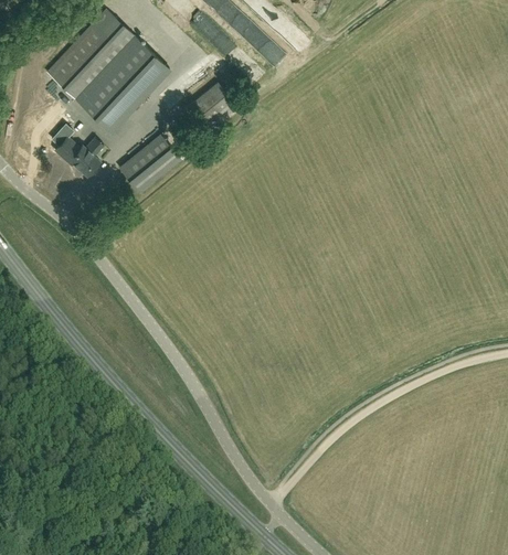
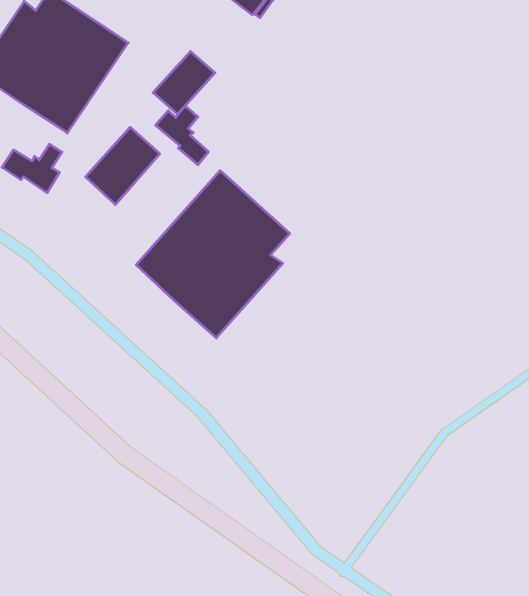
building: none -> [156,106,208,165]
building: none -> [136,171,290,338]

